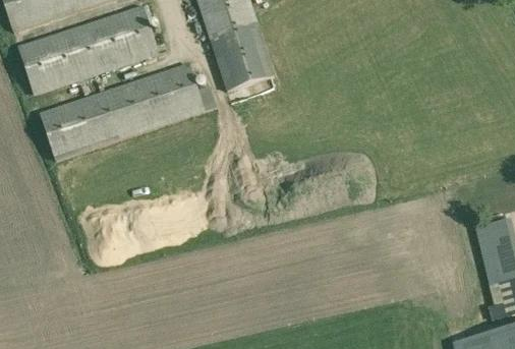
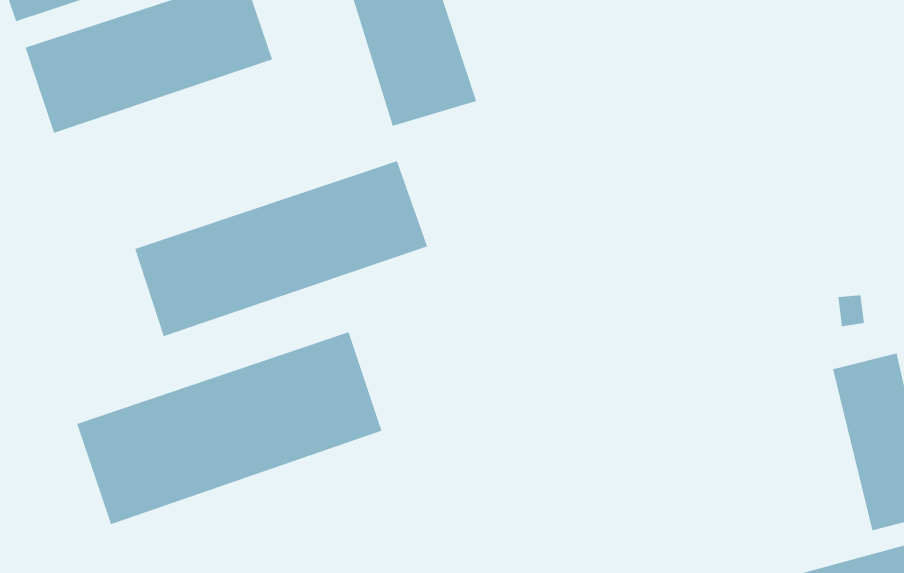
building: [40,61,206,161] -> [134,160,428,337]
building: none -> [76,331,383,525]

